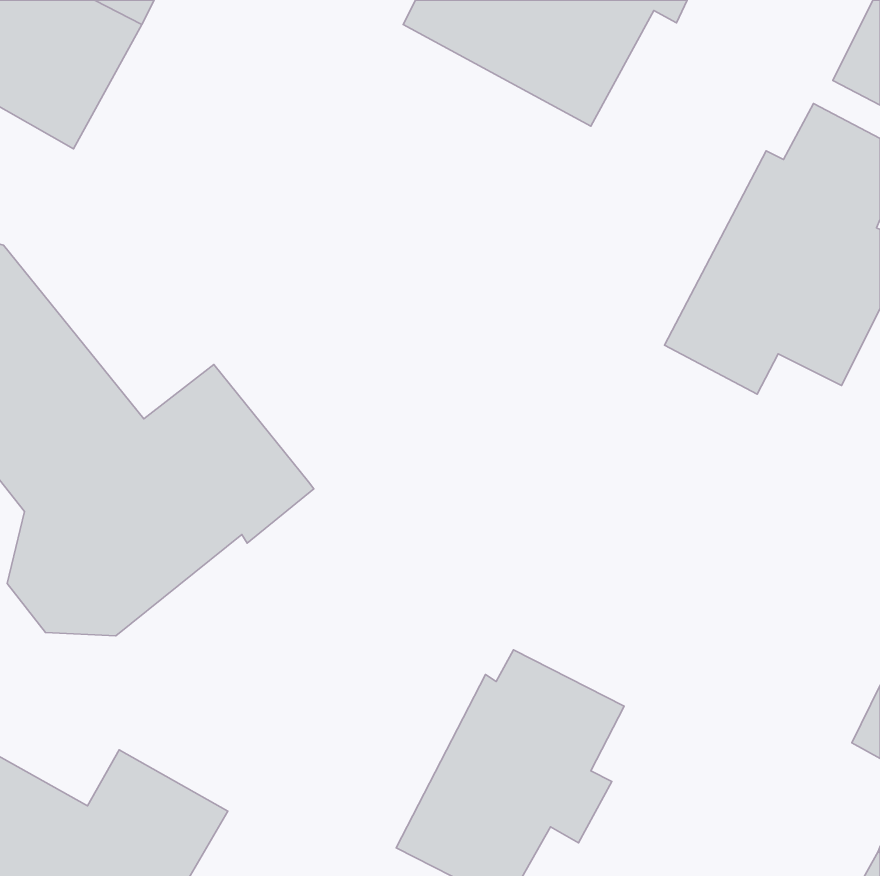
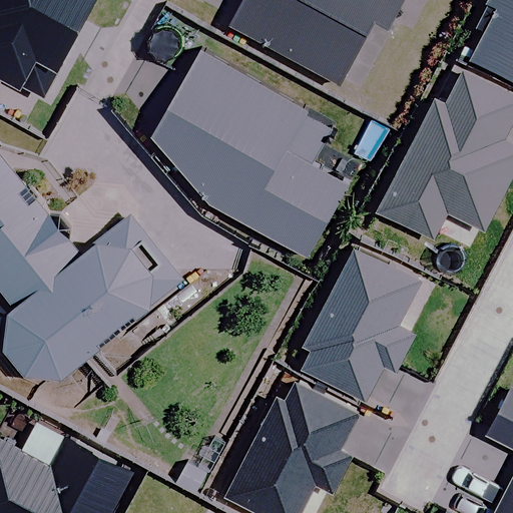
building: none -> [157,53,345,259]
building: none -> [302,249,420,403]

